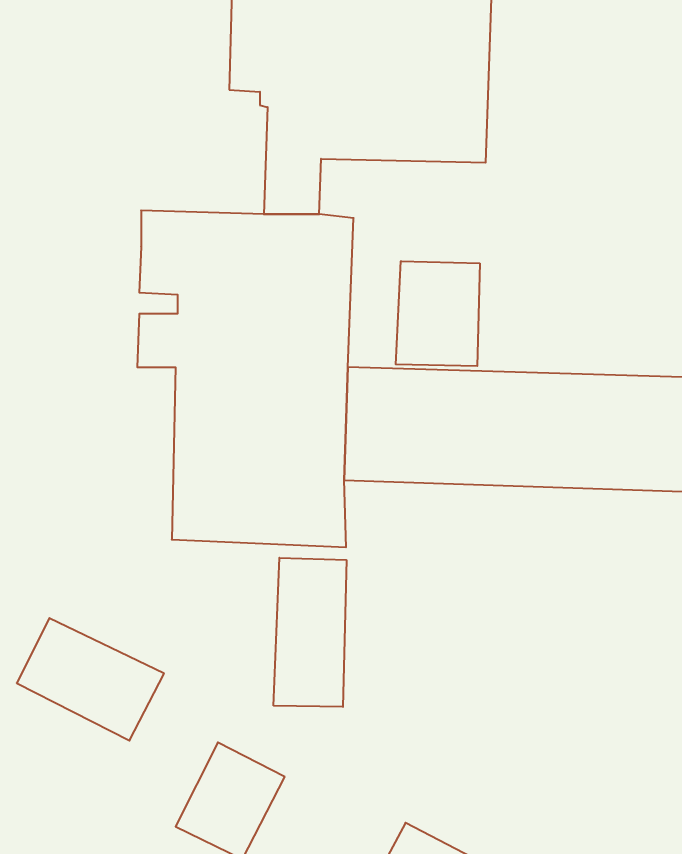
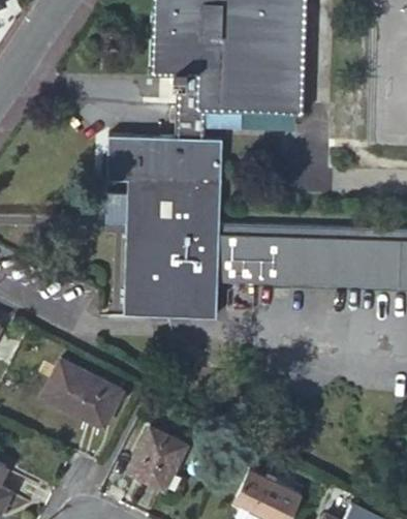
building: [396,261,480,366] -> none
building: [274,558,346,707] -> none

